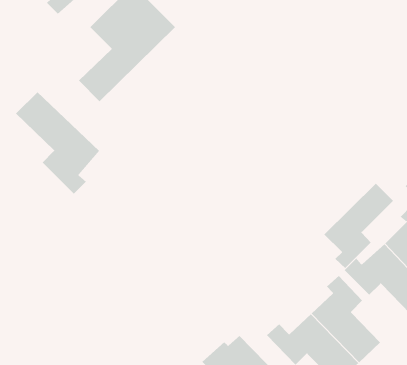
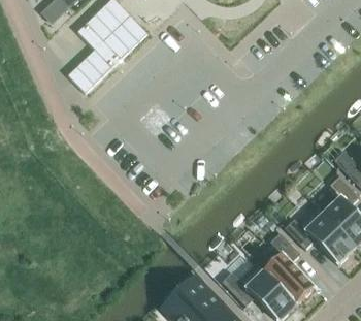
building: [15,91,100,195] -> none
building: [324,183,394,269] -> none

